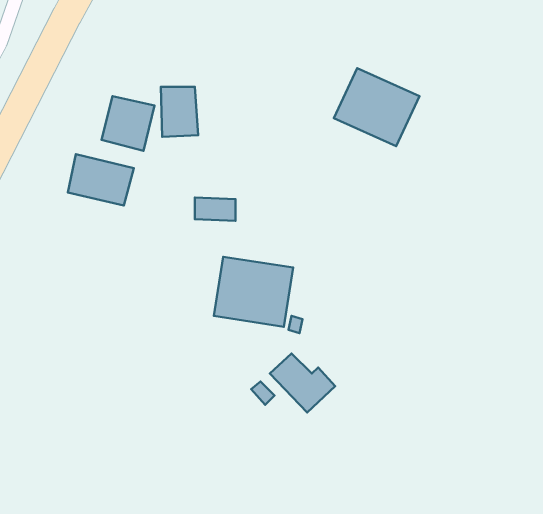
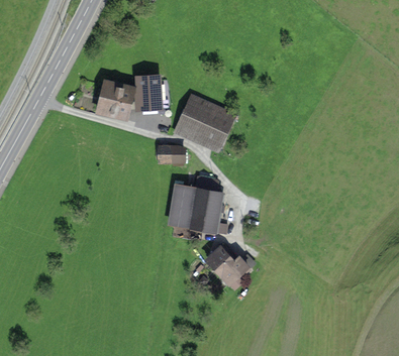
building: [334,68,420,146] -> [177,98,232,148]
building: [68,154,134,206] -> none

